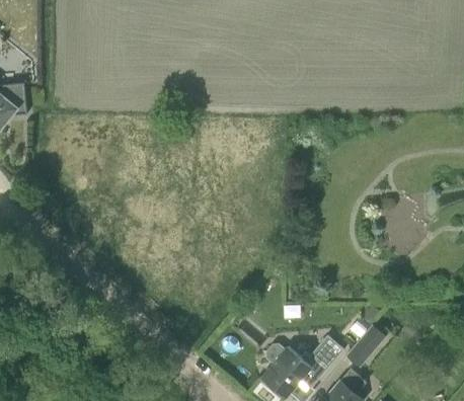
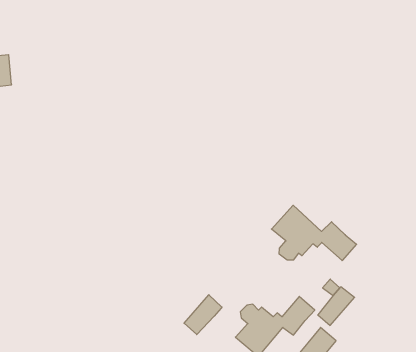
building: none -> [271,205,357,261]
building: none -> [184,295,222,335]

